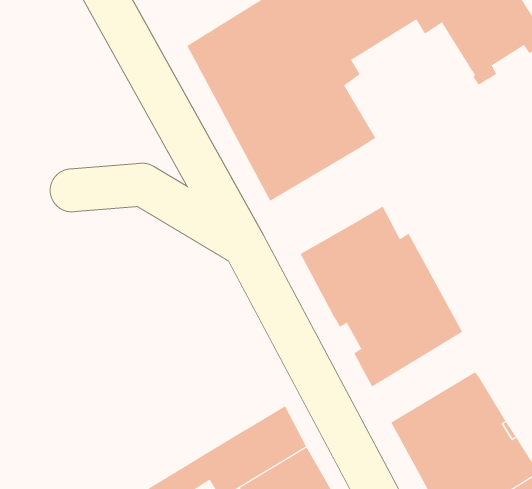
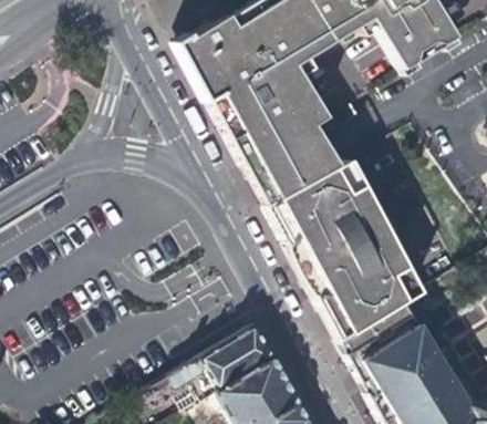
building: none -> [248,123,344,206]
building: none -> [328,267,414,338]

